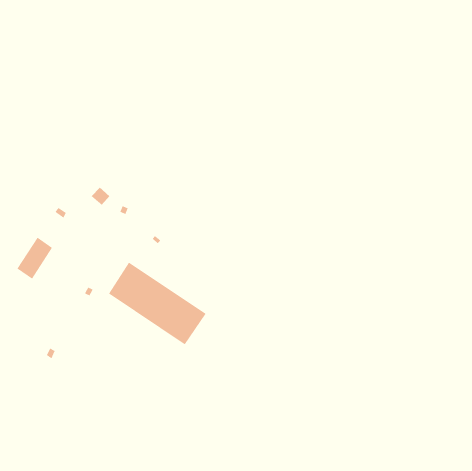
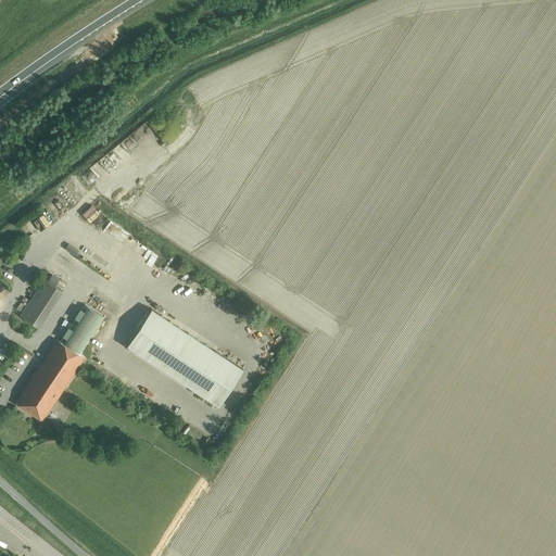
building: none -> [15,306,103,422]

